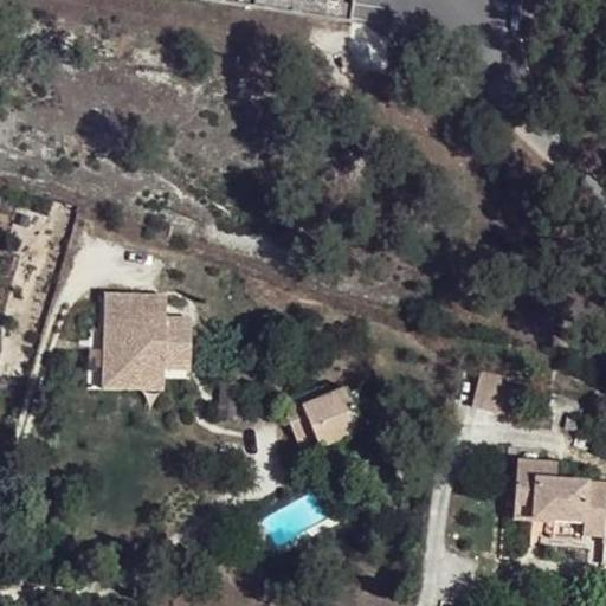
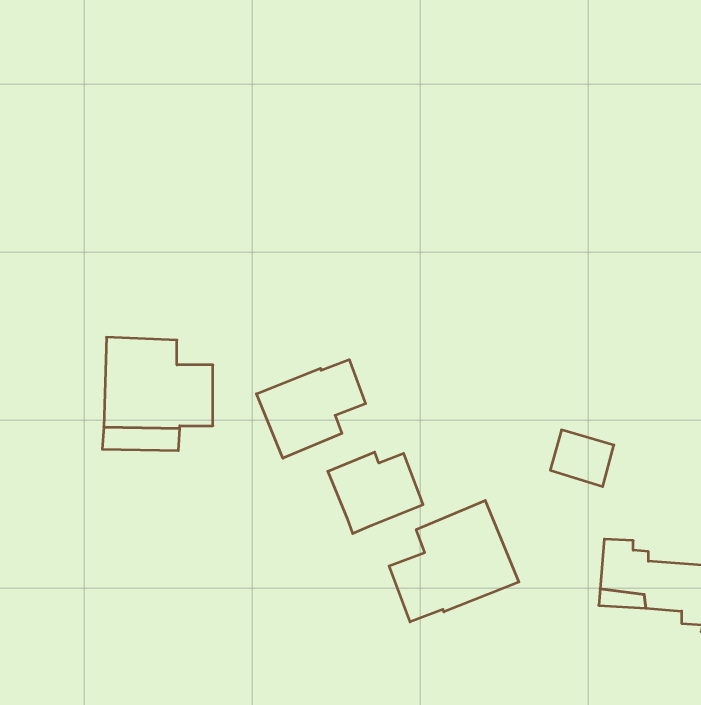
building: none -> [256,360,366,458]
building: none -> [389,500,519,622]

